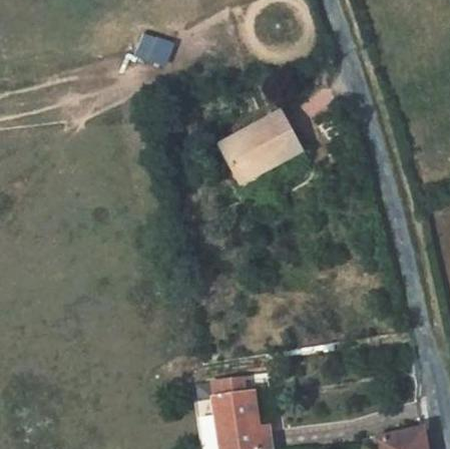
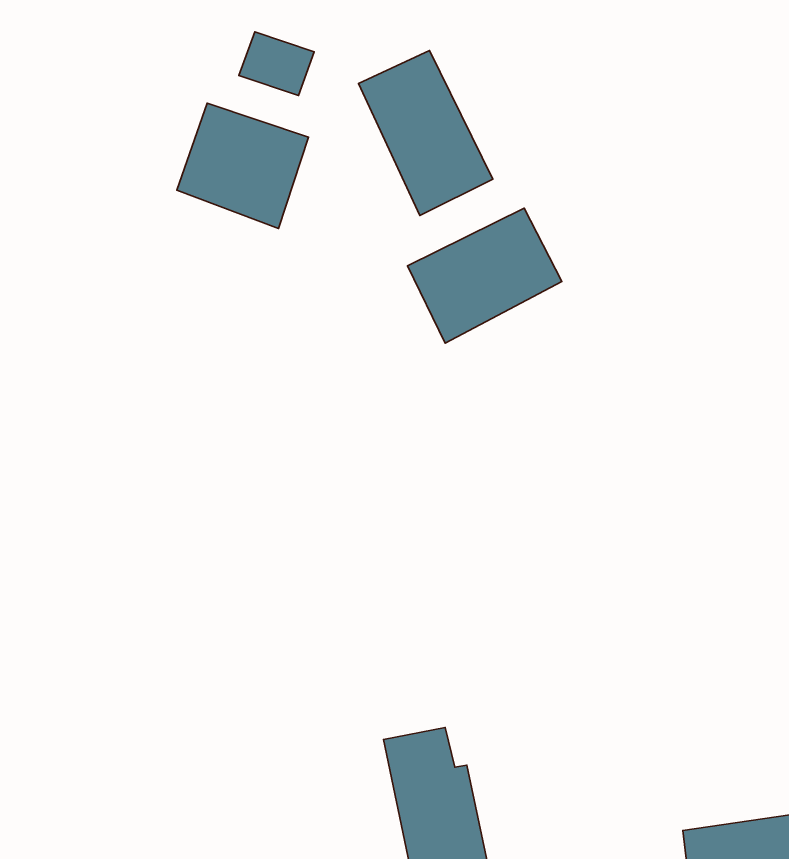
building: none -> [359,51,493,216]
building: none -> [177,103,309,228]

